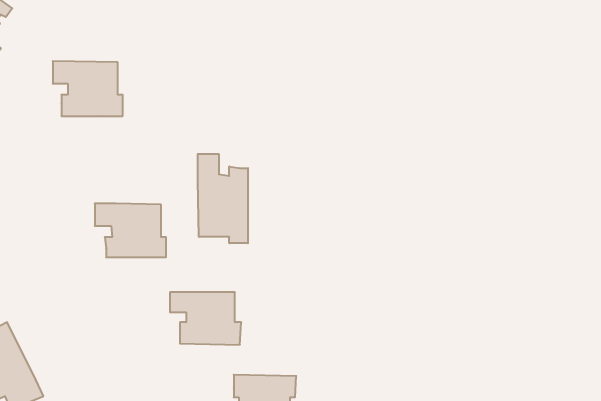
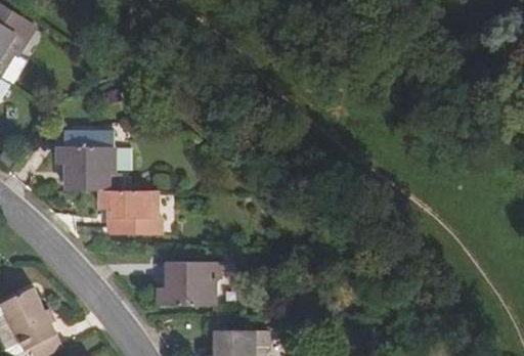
building: [53,61,123,116] -> [61,144,119,189]
building: [198,154,248,243] -> none

